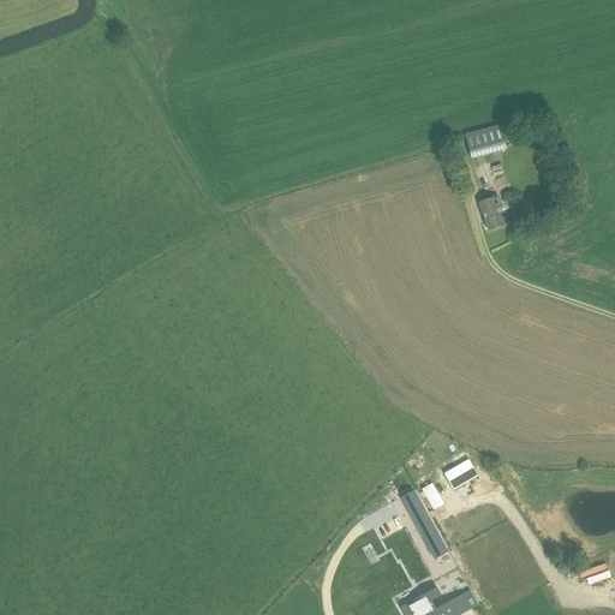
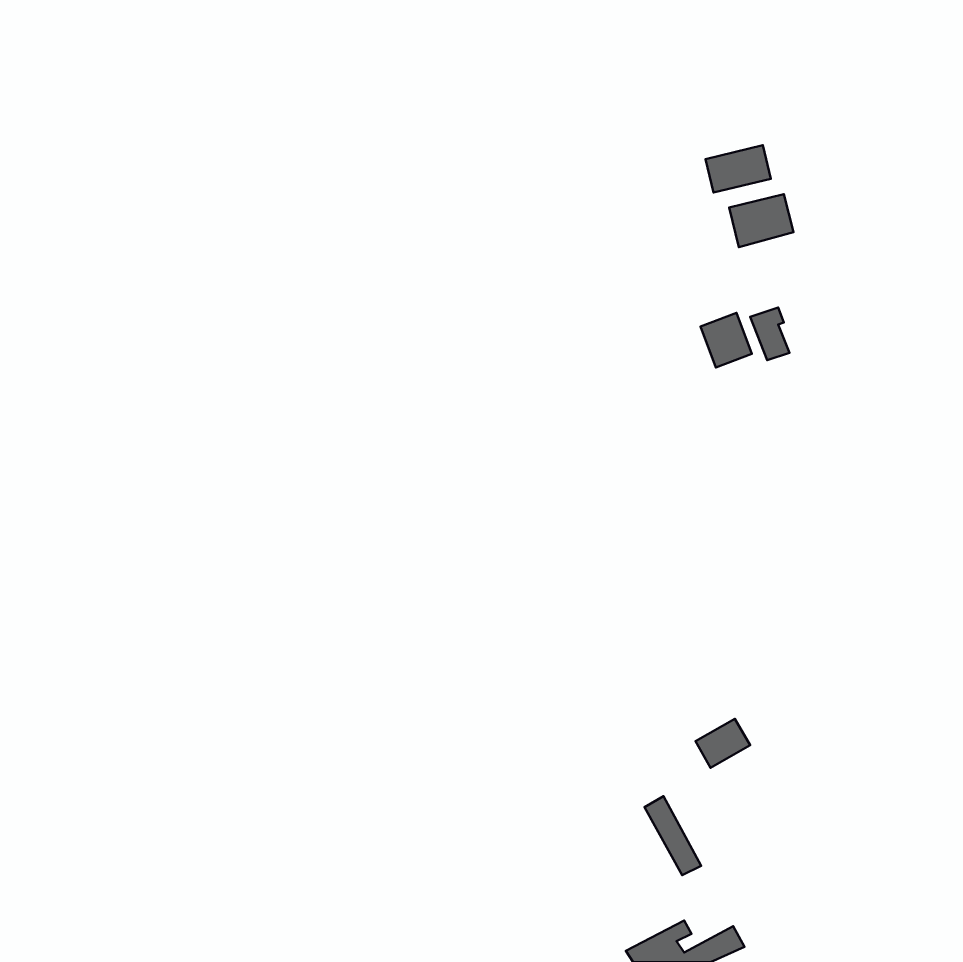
building: none -> [706,145,771,193]
building: none -> [700,313,752,367]

